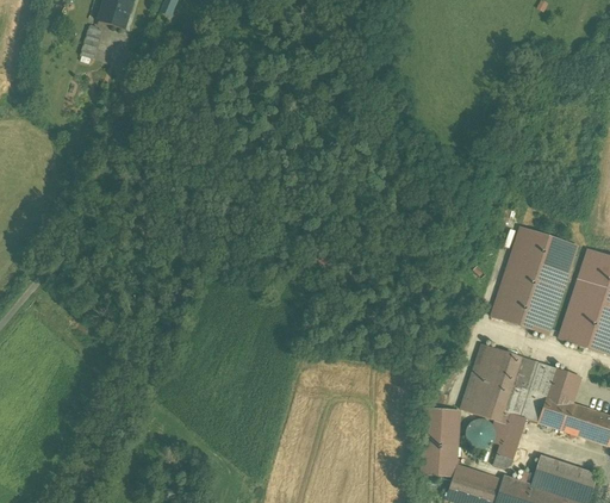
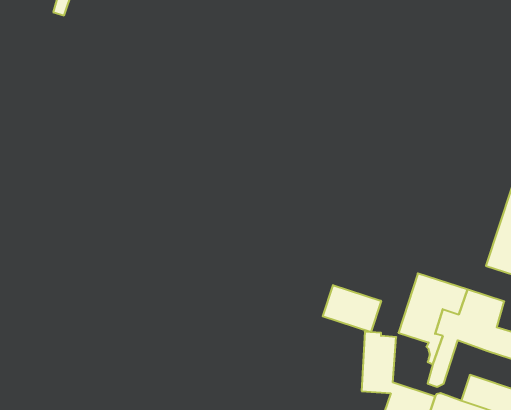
building: [492,225,578,334] -> none
building: none -> [323,285,381,332]
building: [466,417,497,448] -> none

